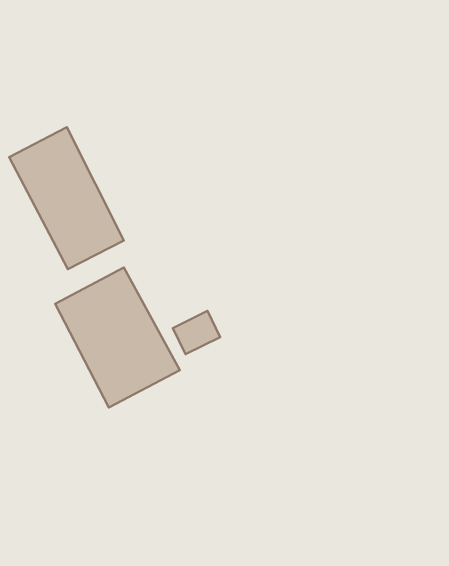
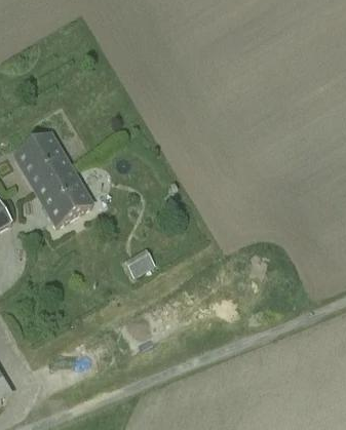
building: [55,268,180,407] -> none

